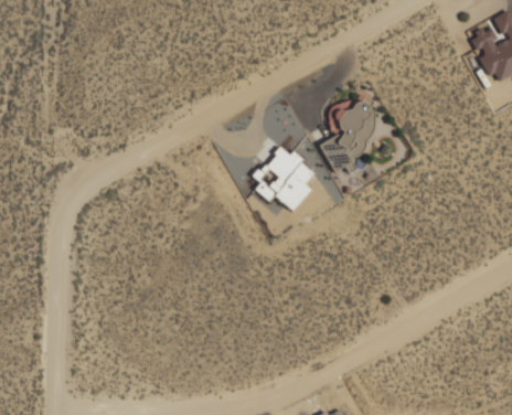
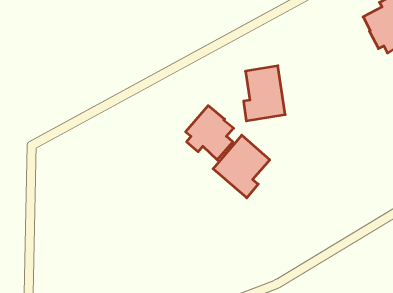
building: none -> [213,135,270,198]

